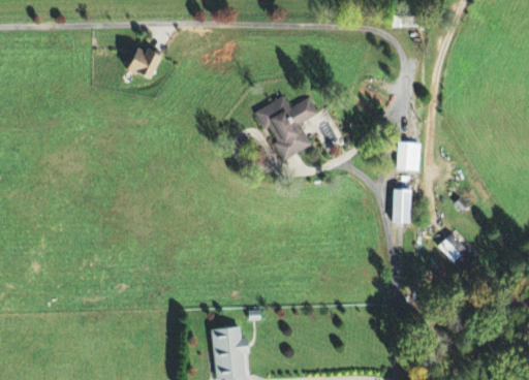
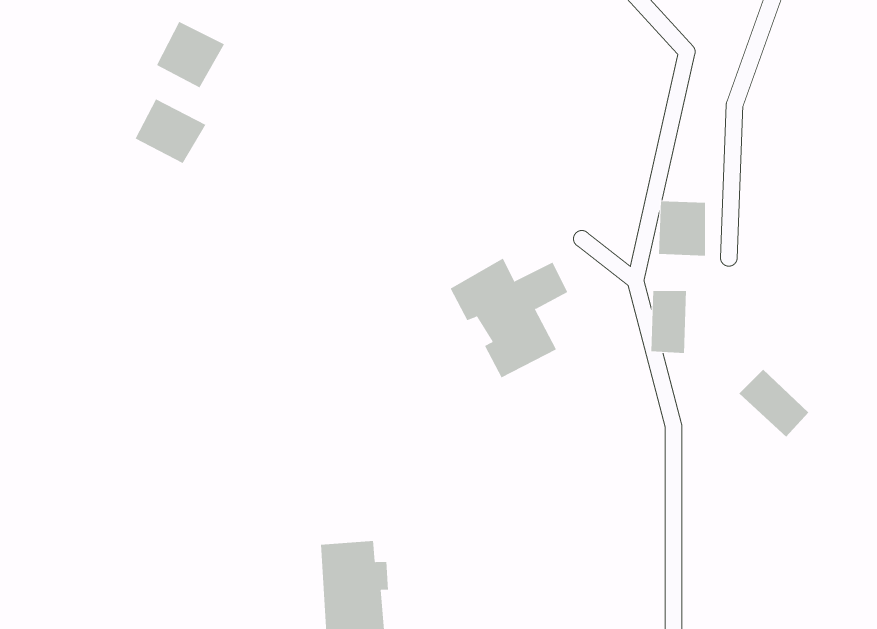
building: none -> [135,99,206,164]
building: [251,96,315,161] -> [450,258,568,378]

